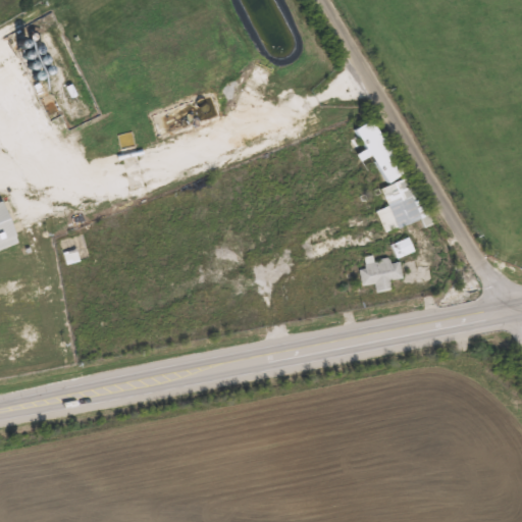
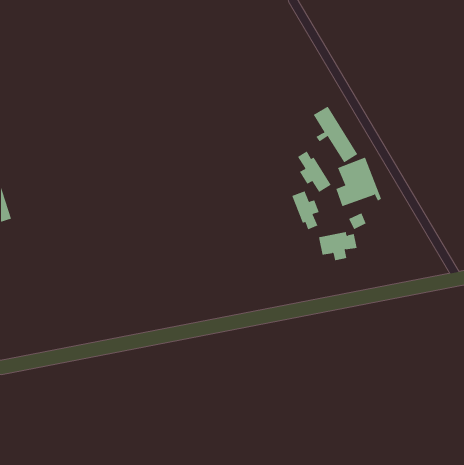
building: none -> [297,150,332,193]
building: none -> [292,191,319,230]

